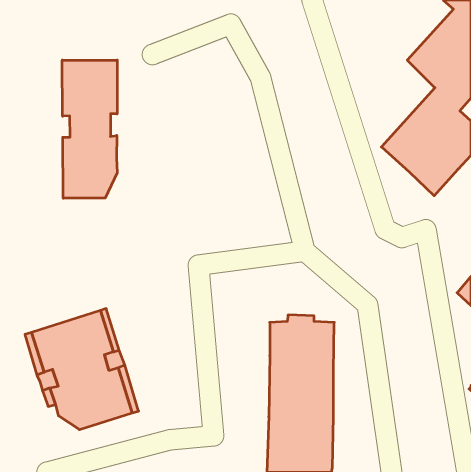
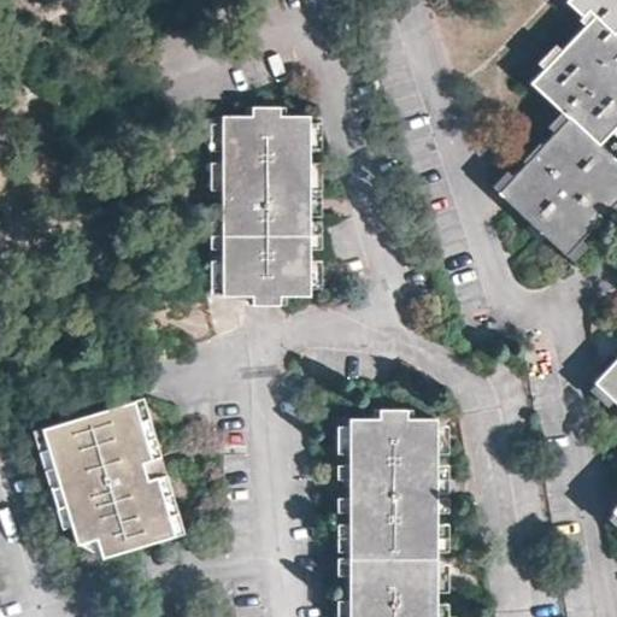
building: [62,60,117,198] -> none
building: none -> [223,108,310,304]

